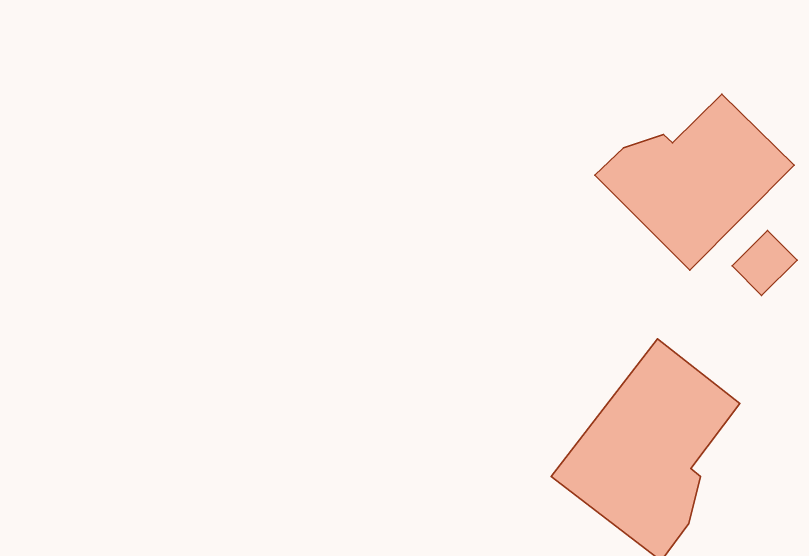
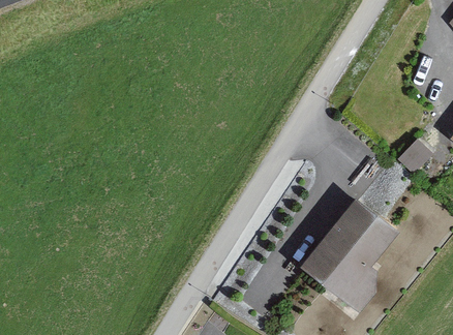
building: [595,94,794,270] -> none

